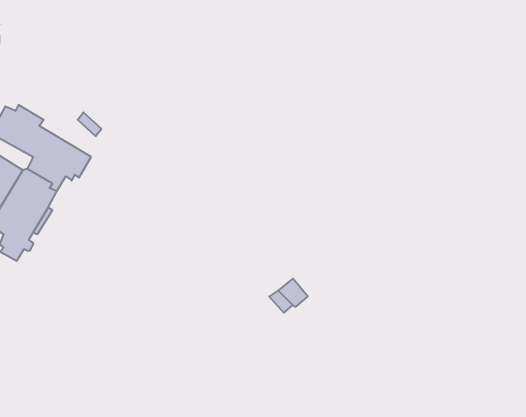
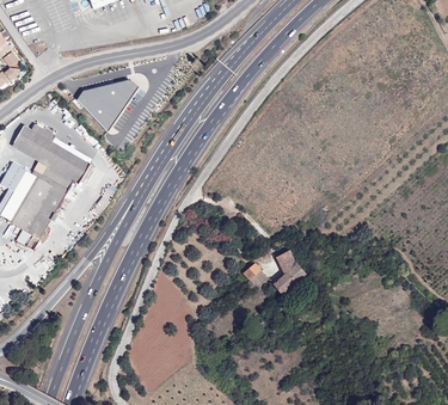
building: none -> [76,79,139,133]
building: none -> [272,248,308,293]

